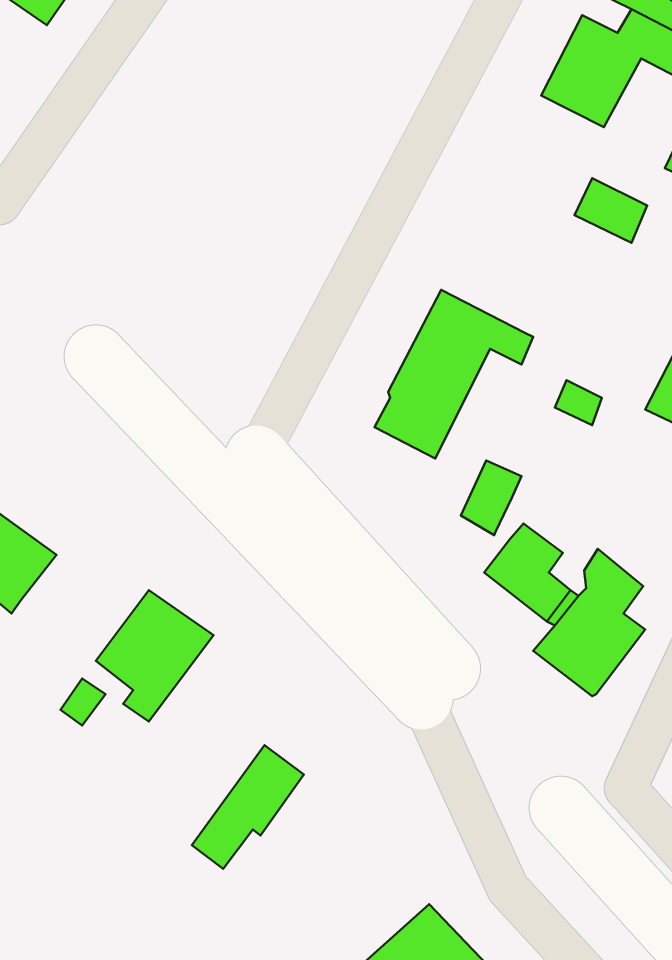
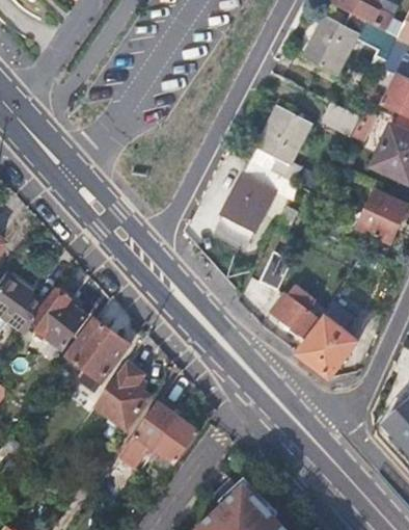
building: none -> [249,107,310,184]
building: none -> [27,287,86,350]
building: none -> [93,365,147,429]
building: none -> [154,418,197,466]

